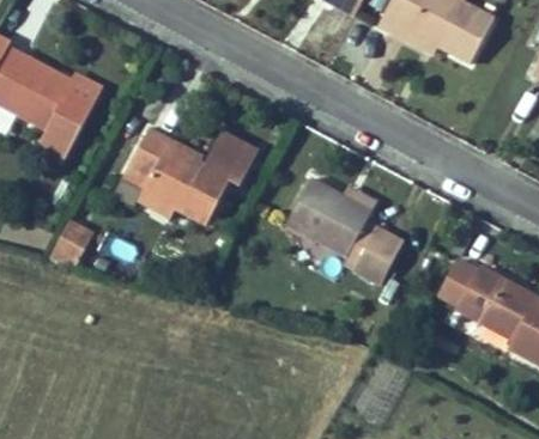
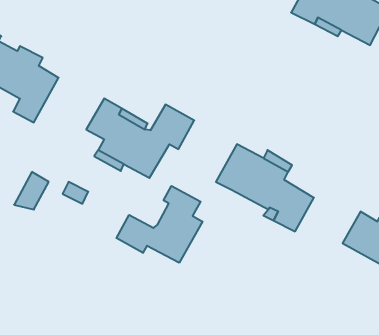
building: none -> [116,186,203,263]

